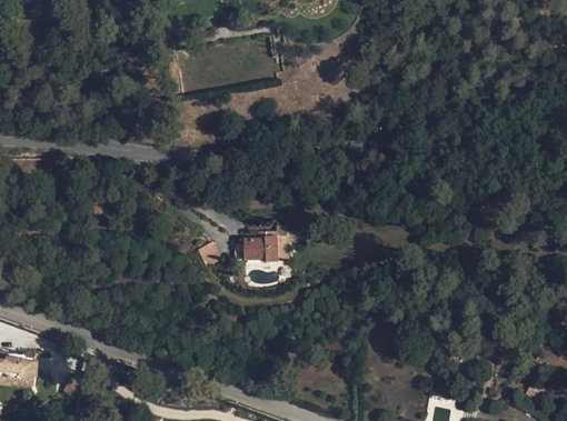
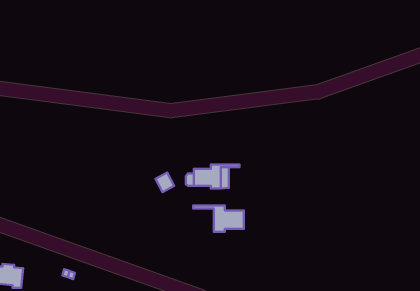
building: none -> [193,206,244,232]

